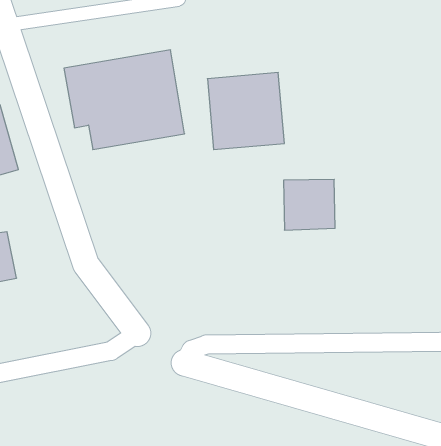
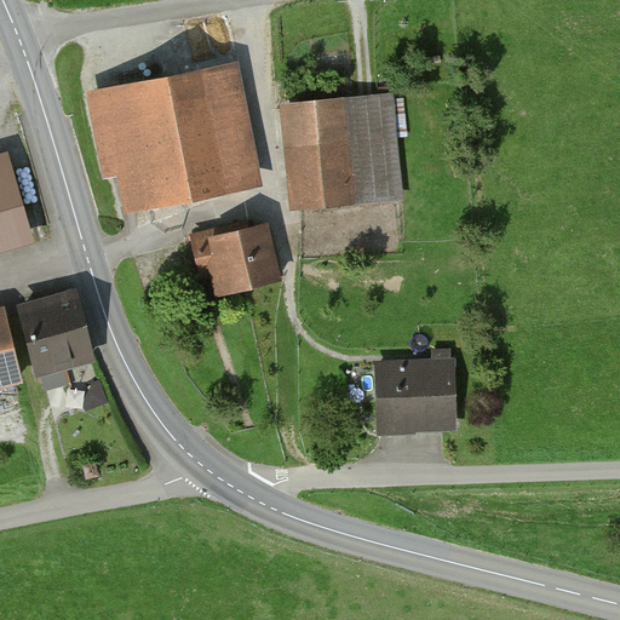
building: none -> [211,229,282,293]
building: [284,179,335,230] -> [374,361,446,431]
building: none -> [23,302,91,372]

